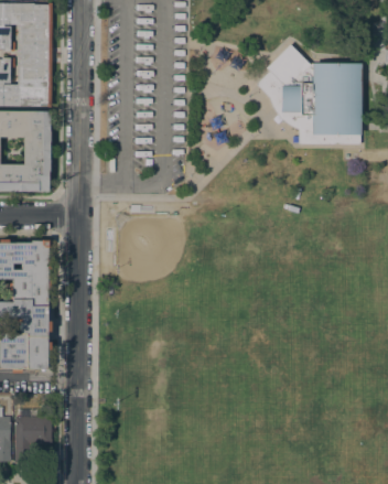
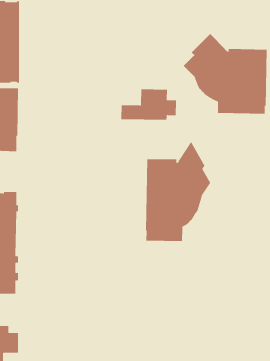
building: none -> [121,89,177,121]
building: none -> [145,140,211,242]

